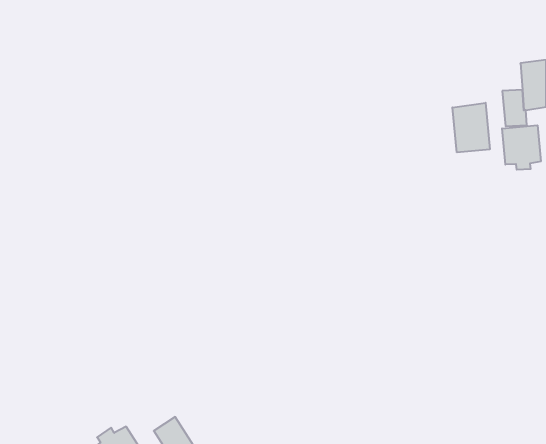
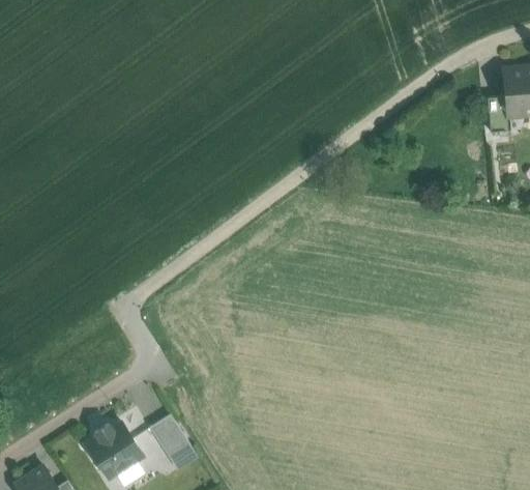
building: [452,103,490,152] -> none
building: [502,125,541,170] -> none

